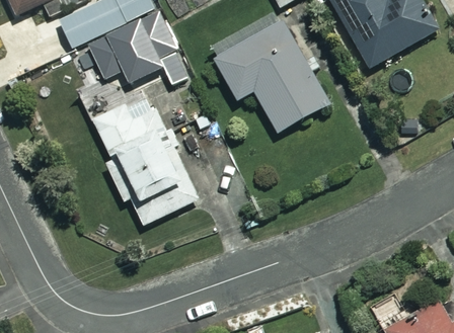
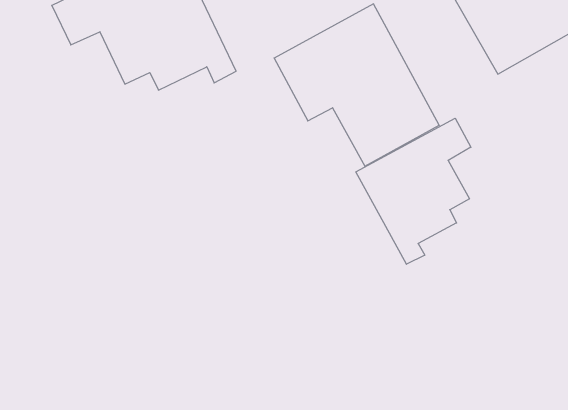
building: [92,92,199,225] -> none
building: none -> [356,118,471,264]

